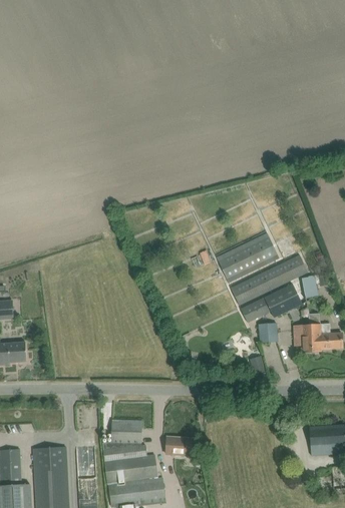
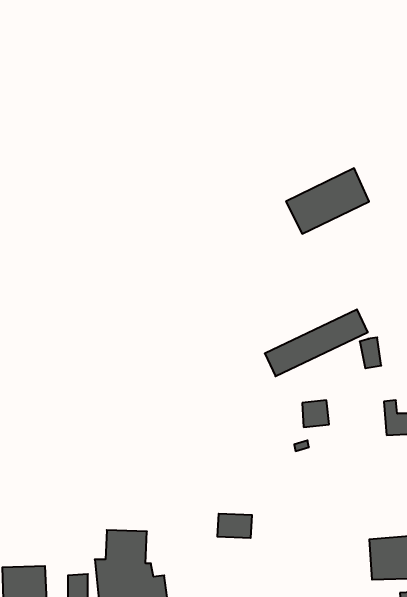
building: [216,232,278,282] -> [286,168,369,234]
building: [240,284,302,322] -> none
building: [292,313,321,352] -> none
building: [165,437,192,455] -> [217,514,252,538]

